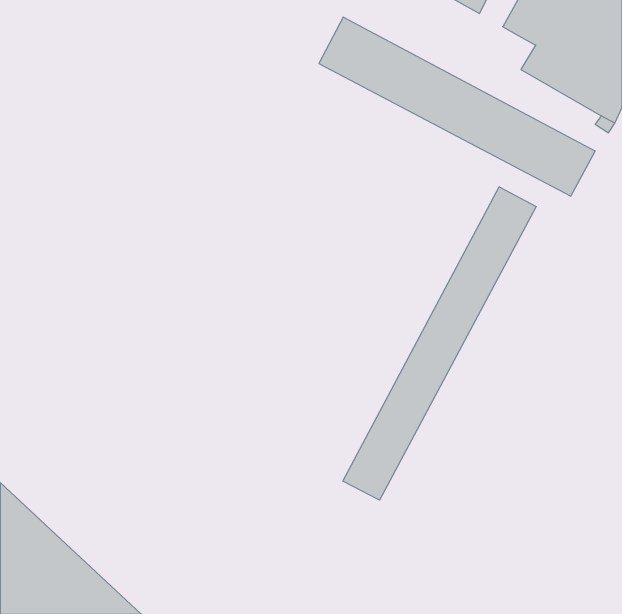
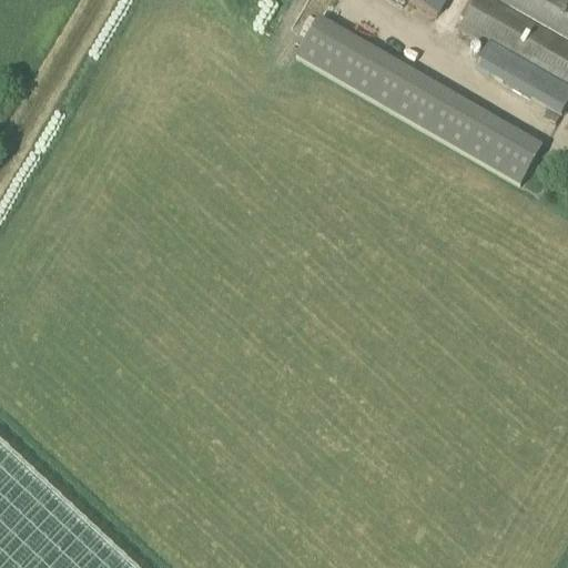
building: [343,187,536,500] -> none

